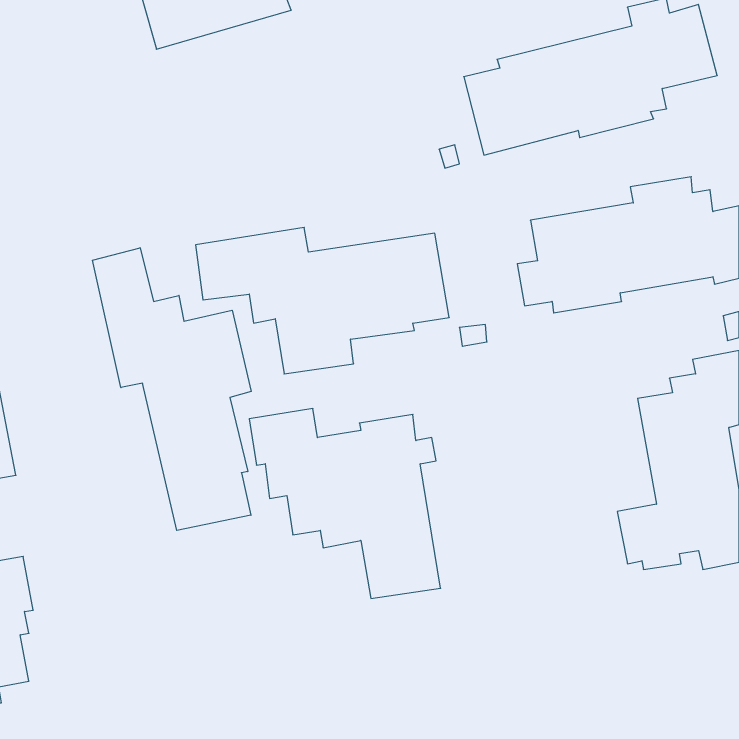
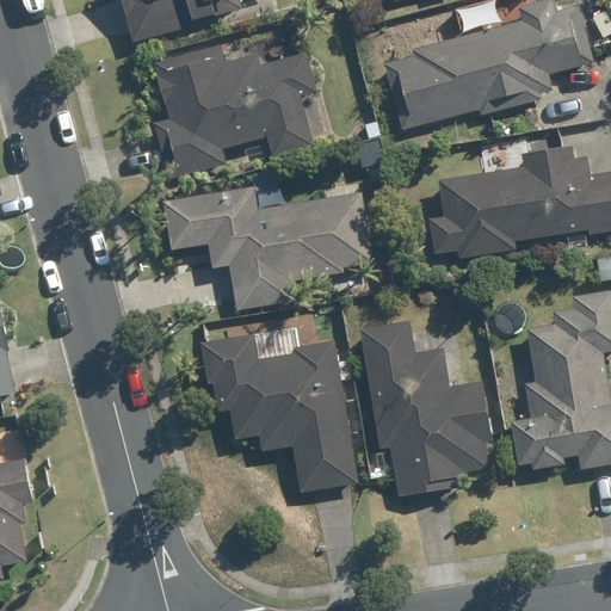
building: none -> [152,44,314,179]
building: [92,248,251,530] -> none
building: none -> [368,322,498,498]

